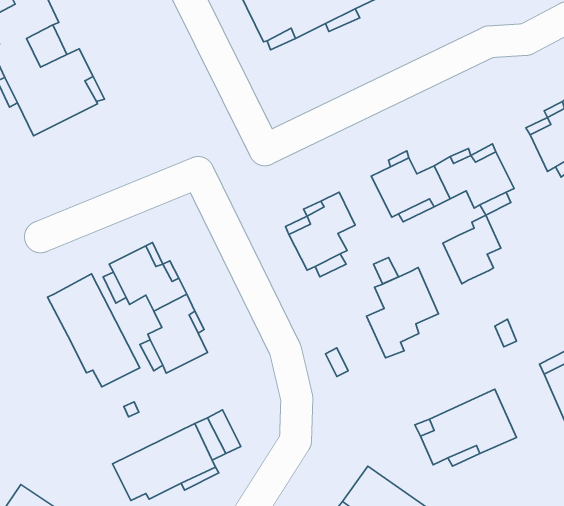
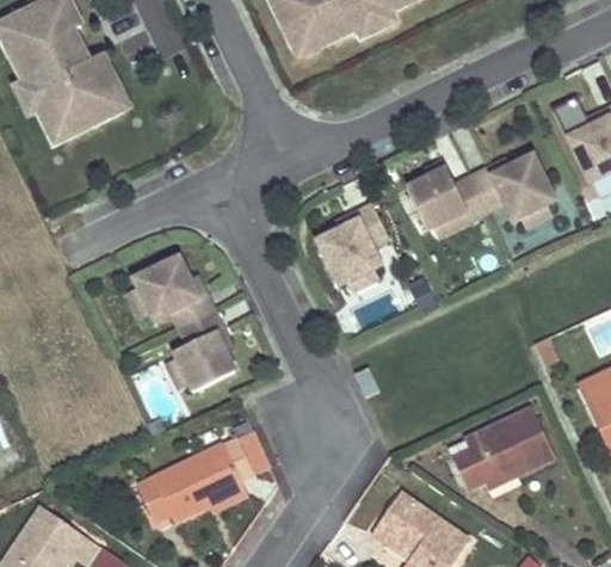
building: [443,215,501,284] -> none
building: [367,267,439,358] -> none
building: [47,274,140,387] -> none

